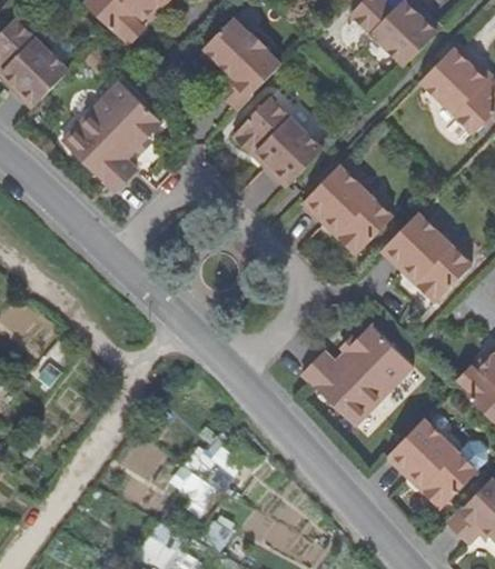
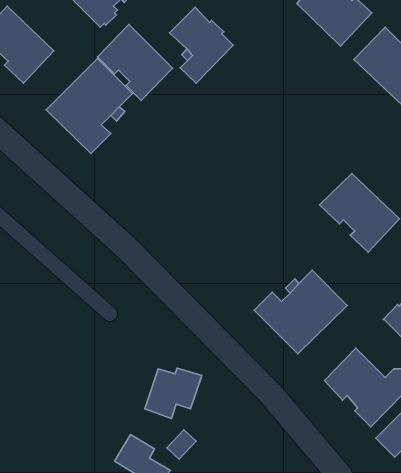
building: [234,98,321,187] -> [98,25,173,100]
building: [303,164,395,256] -> none

